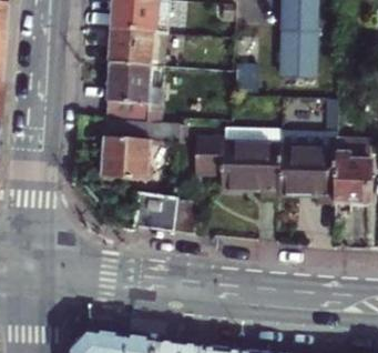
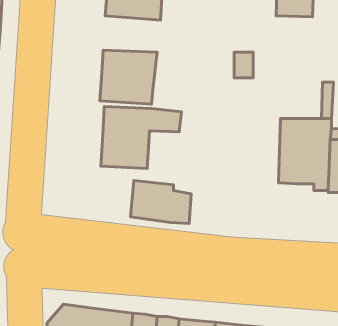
building: [112,33,170,70] -> none
building: [283,33,323,90] -> none
building: [202,132,290,203] -> none

